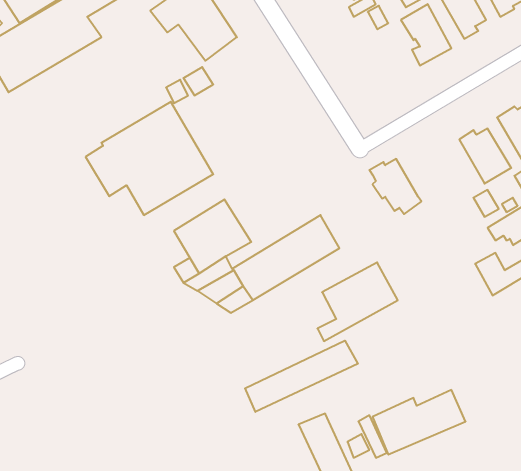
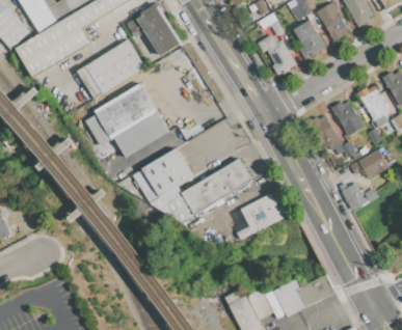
building: none -> [258,34,297,75]
building: none -> [77,39,145,99]
building: [369,159,421,214] -> [309,114,343,150]
building: [245,341,358,412] -> none

